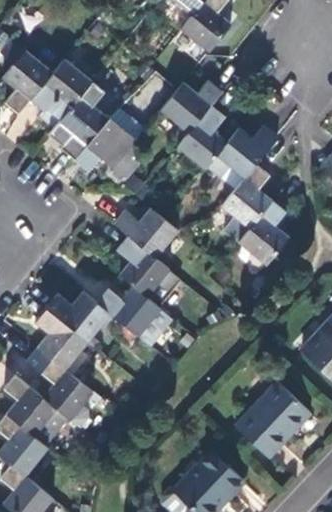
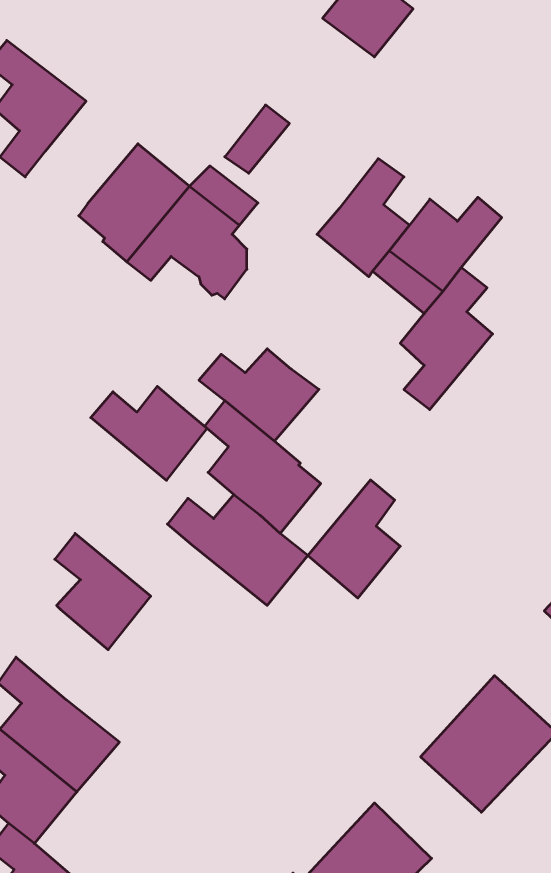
building: [32,59,93,128] -> none
building: [162,79,224,131] -> none
building: [240,199,290,263] -> [308,480,400,598]
building: [48,290,111,341] -> [91,386,207,480]
building: [29,348,94,428] -> none

